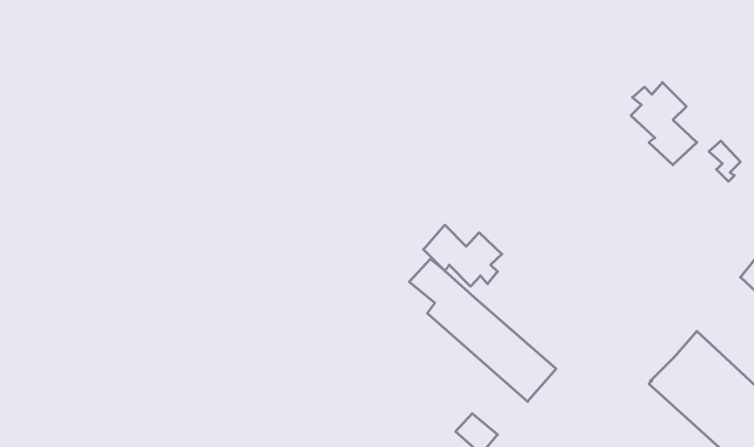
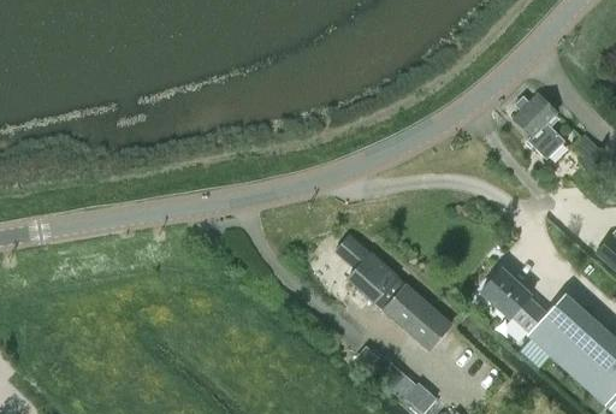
building: [423,225,502,286] -> none
building: none -> [481,268,547,332]

